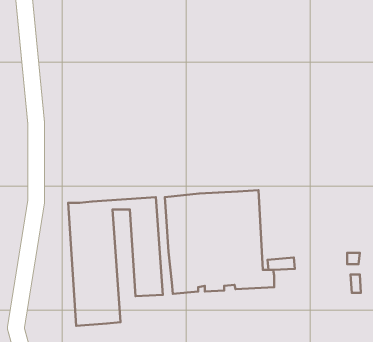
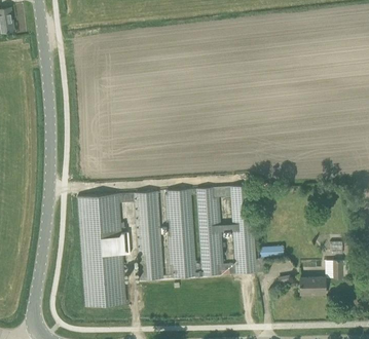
building: none -> [299,277,325,295]

